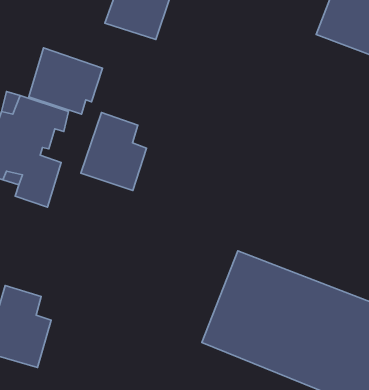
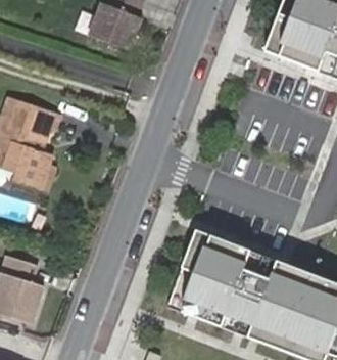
building: [29,48,103,114] -> none
building: [81,113,146,190] -> none

